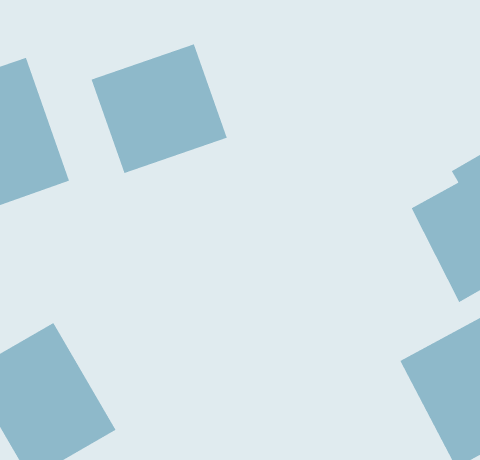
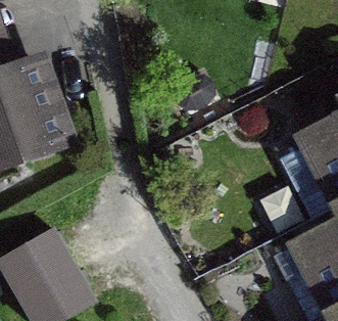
building: [91,44,227,174] -> none

